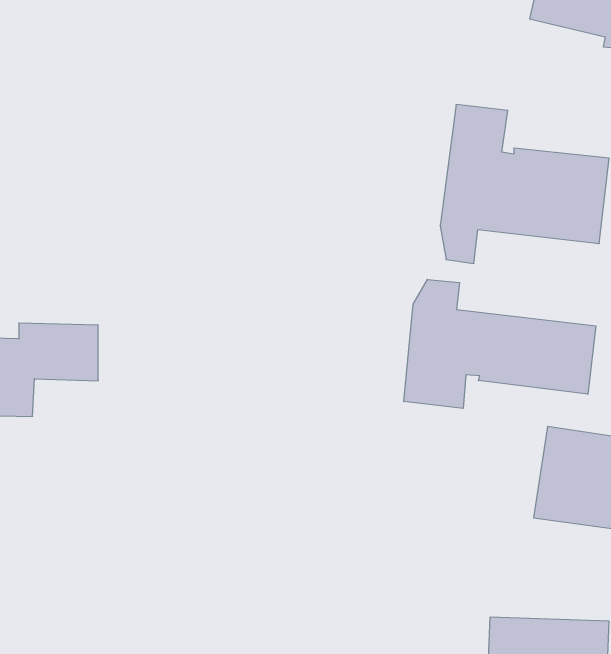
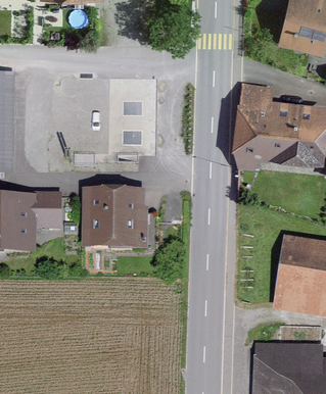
building: [404,279,596,408] -> none
building: none -> [91,197,157,248]

